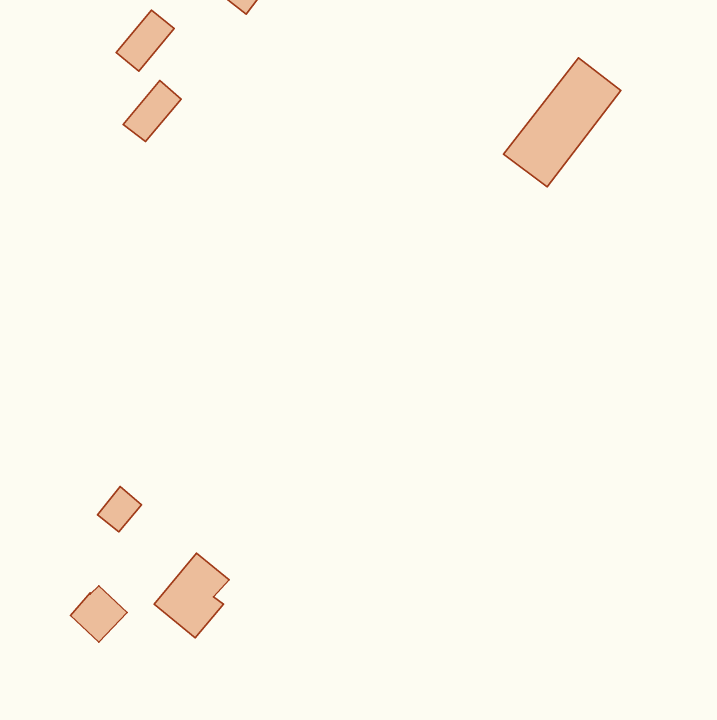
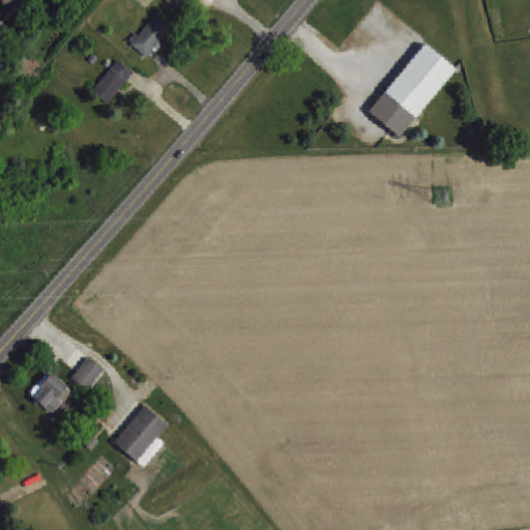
building: [116,10,174,71] -> [129,11,172,56]
building: [70,586,127,642] -> [30,372,71,413]

